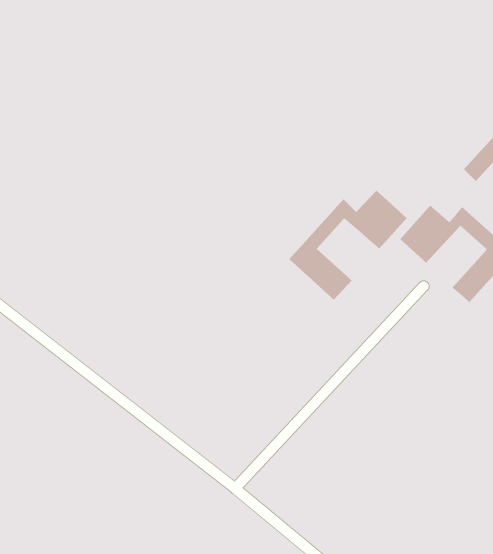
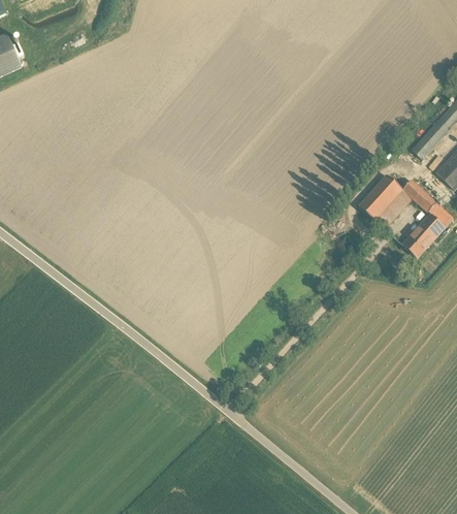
building: [288,190,407,300] -> none

